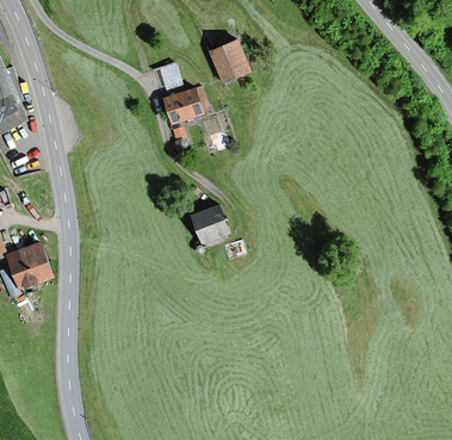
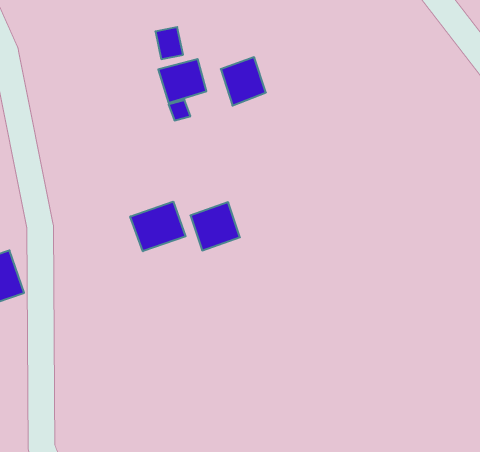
building: [210,45,247,85] -> [221,57,266,106]
building: none -> [130,202,186,251]

